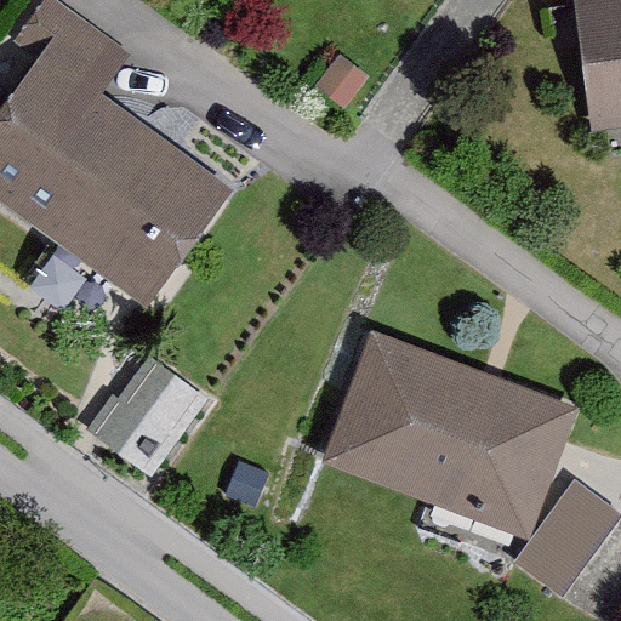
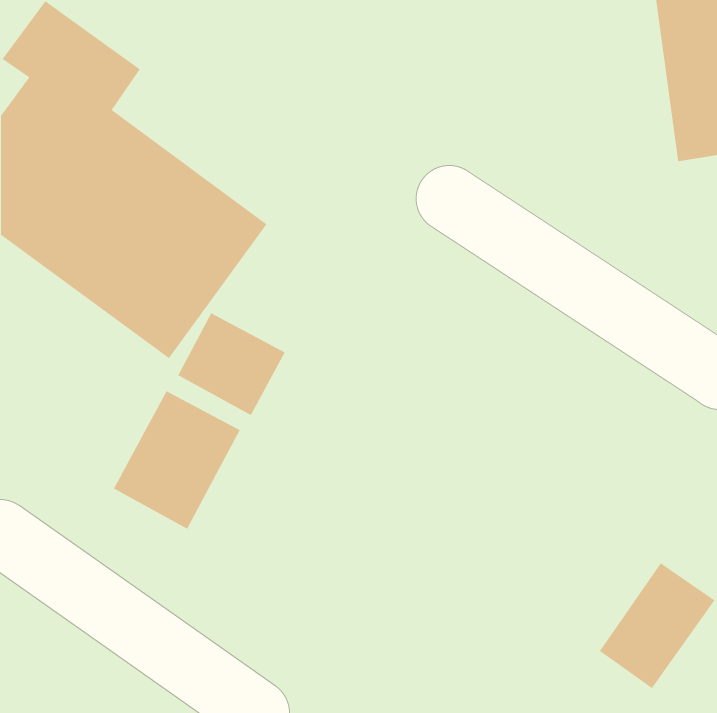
building: none -> [177,312,286,416]
building: [324,331,577,537] -> none

